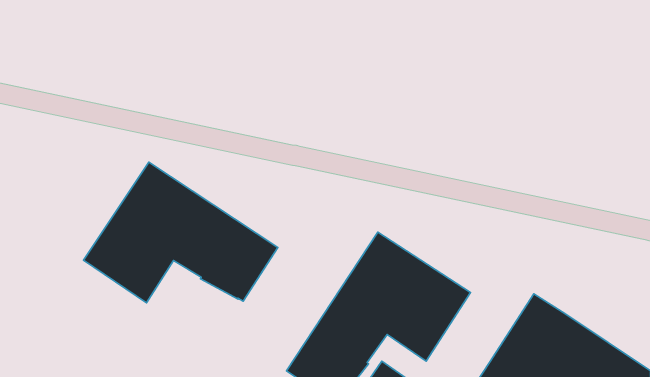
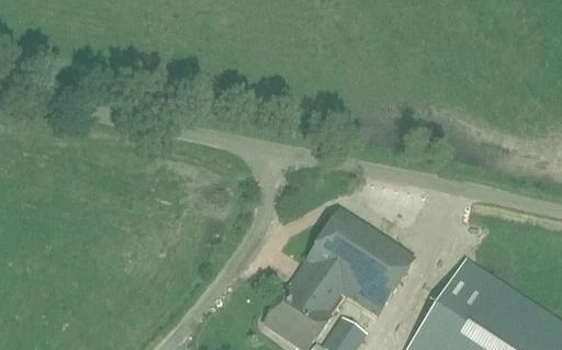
building: [84,162,278,303] -> none

